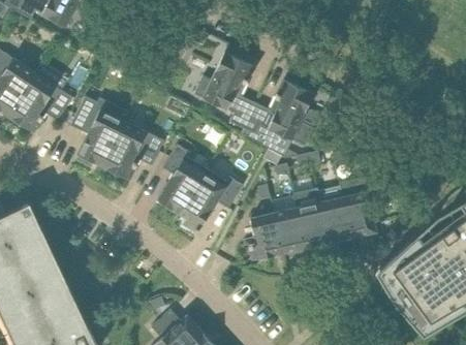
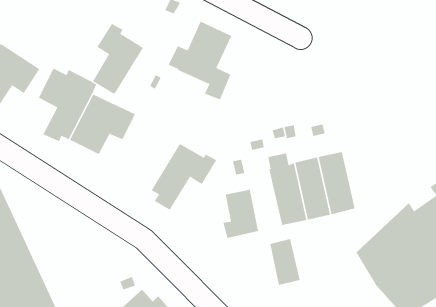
building: [241,79,317,156] -> none
building: [157,145,207,214] -> [92,23,144,95]
building: [275,208,305,253] -> [269,238,301,286]

